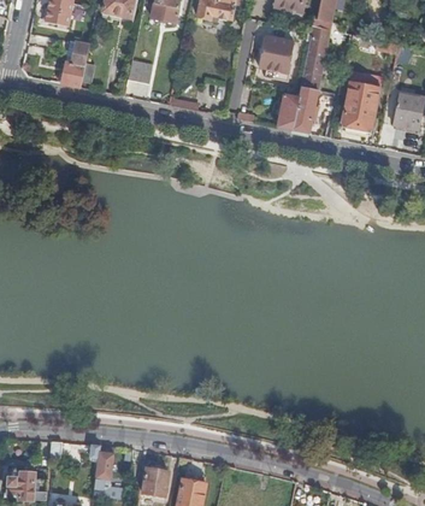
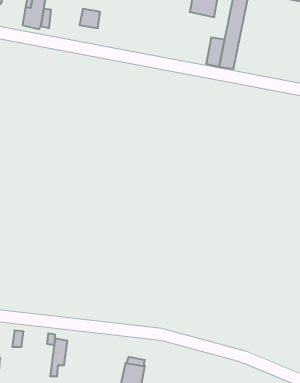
building: [341,78,380,130] -> none
building: [142,467,169,498] -> none

